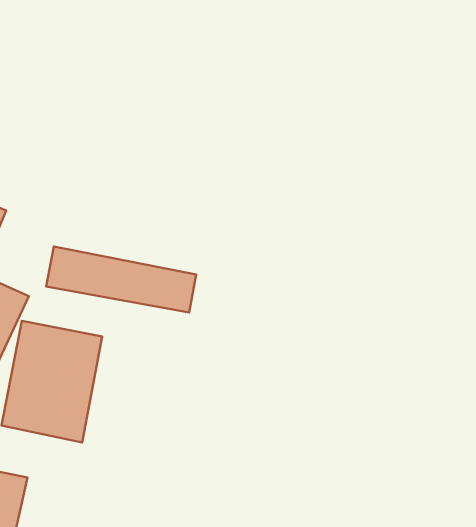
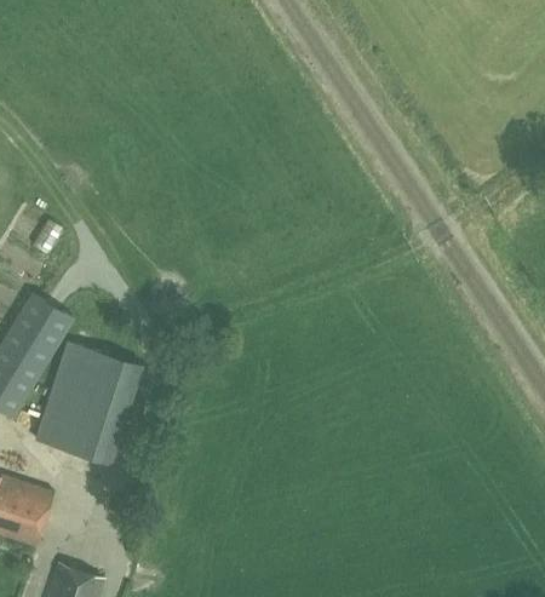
building: [46,247,196,312] -> none

